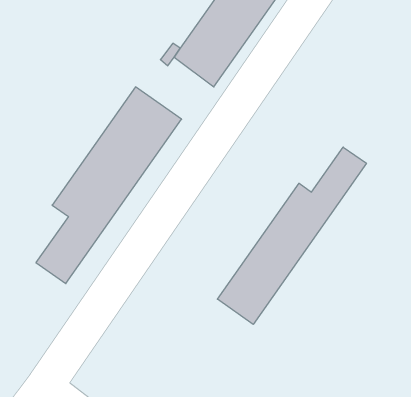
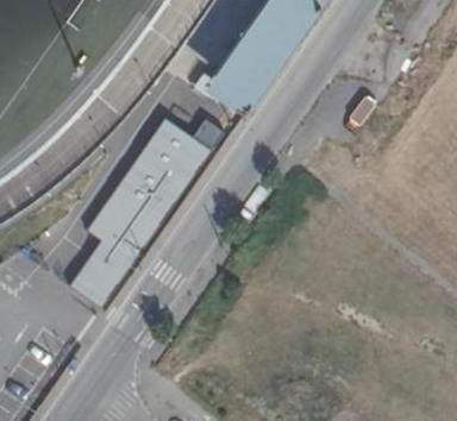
building: [217,147,366,324] -> none

